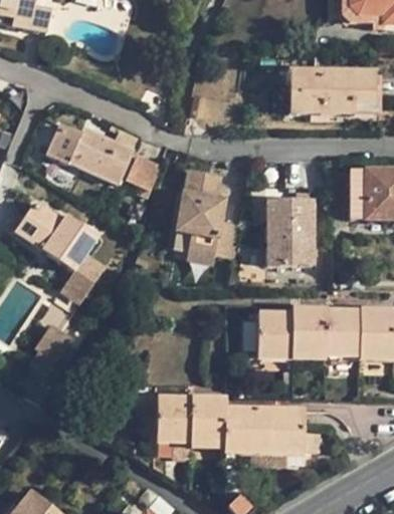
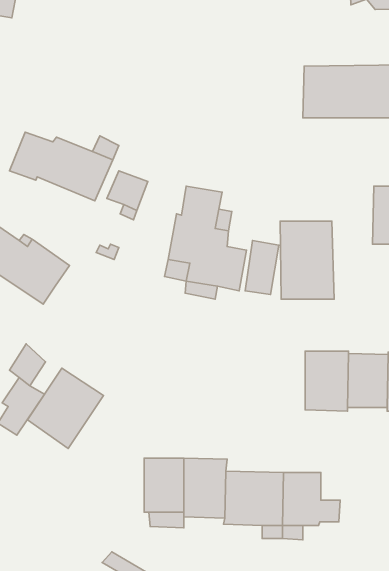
building: [62,254,103,299] -> none
building: [258,313,292,357] -> none
building: none -> [27,368,104,448]

